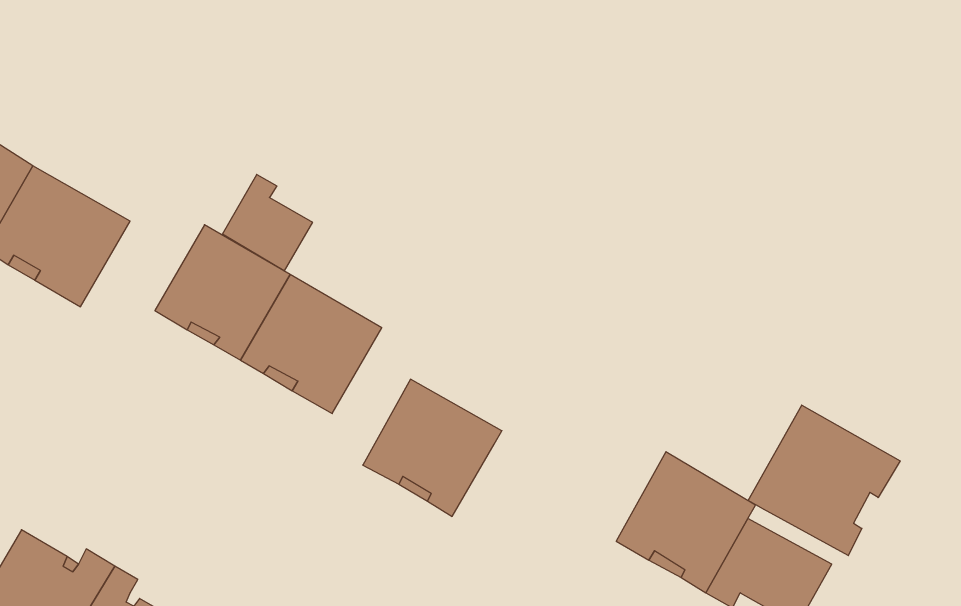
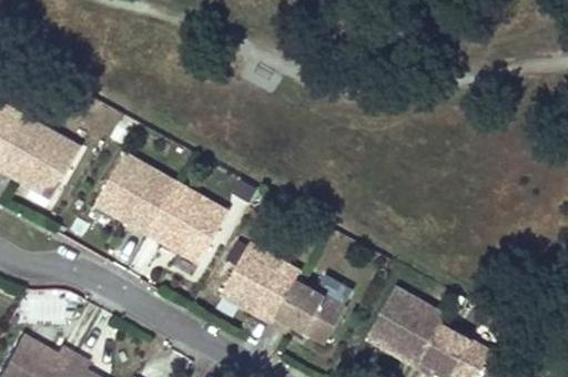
building: [222,174,312,271] -> none
building: [748,405,900,556] -> none
building: none -> [271,281,343,343]

